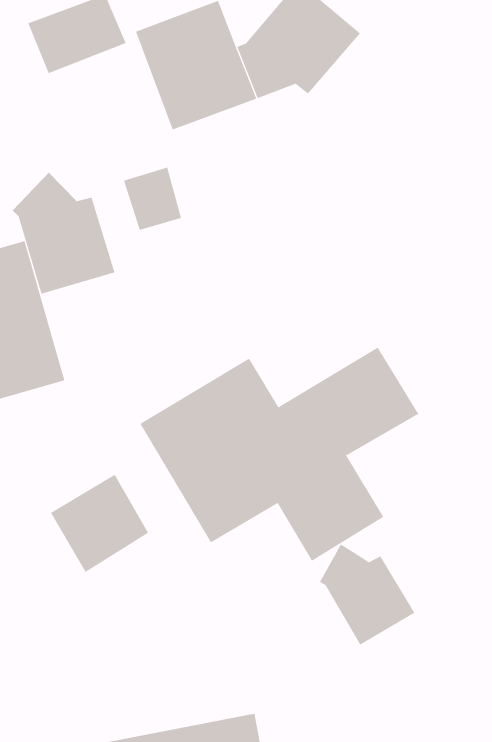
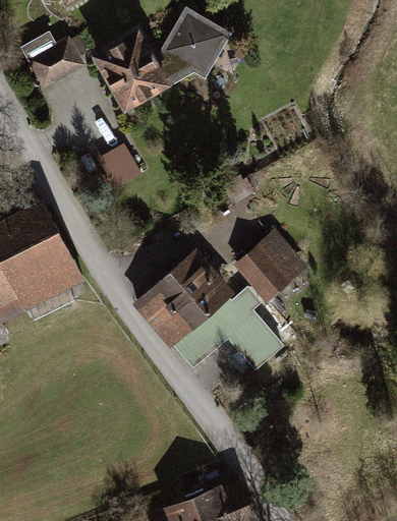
building: [12,172,115,295] -> none
building: [50,474,149,573] -> none
building: [319,543,415,645] -> none

